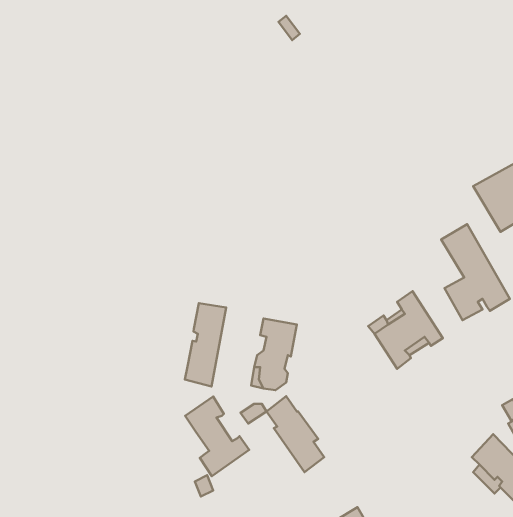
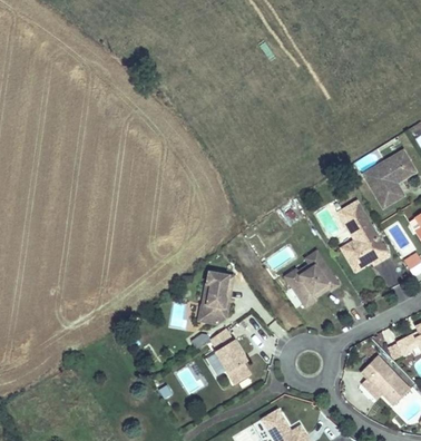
building: [185,303,226,386] -> none
building: [185,397,249,476] -> none

